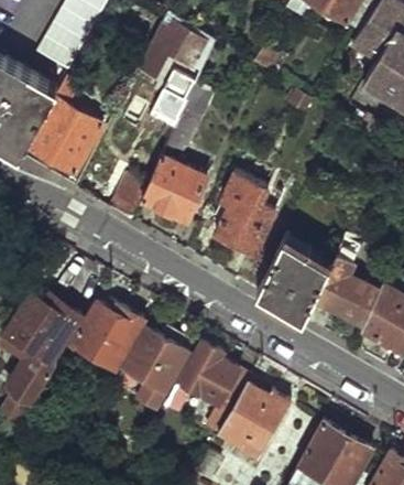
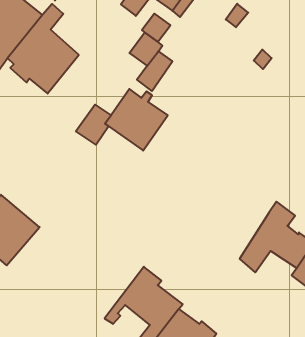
building: [214,179,281,259] -> none
building: [254,242,327,322] -> none
building: [74,300,143,370] -> none
building: [123,330,193,409] -> none

